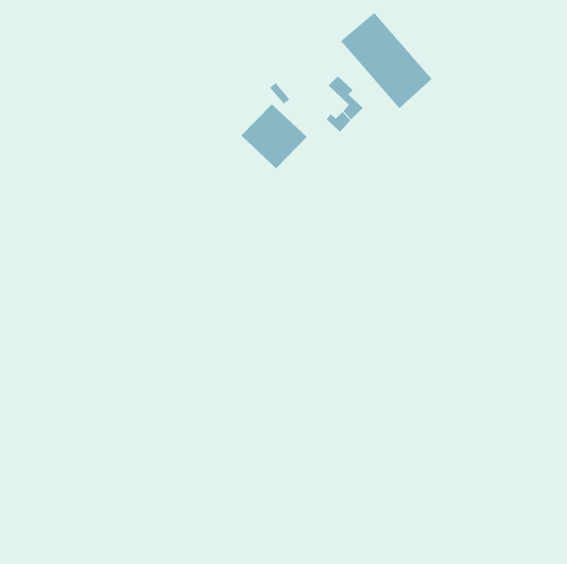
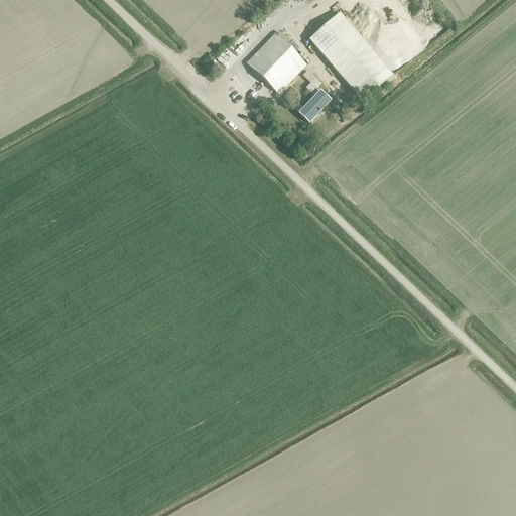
building: [241,103,307,169] -> [247,32,307,92]

